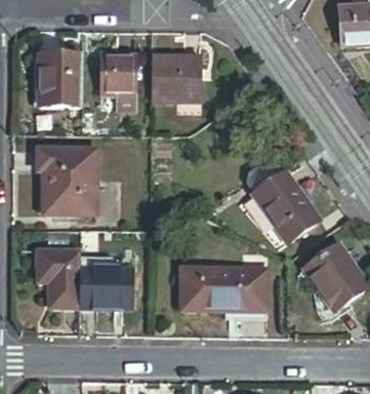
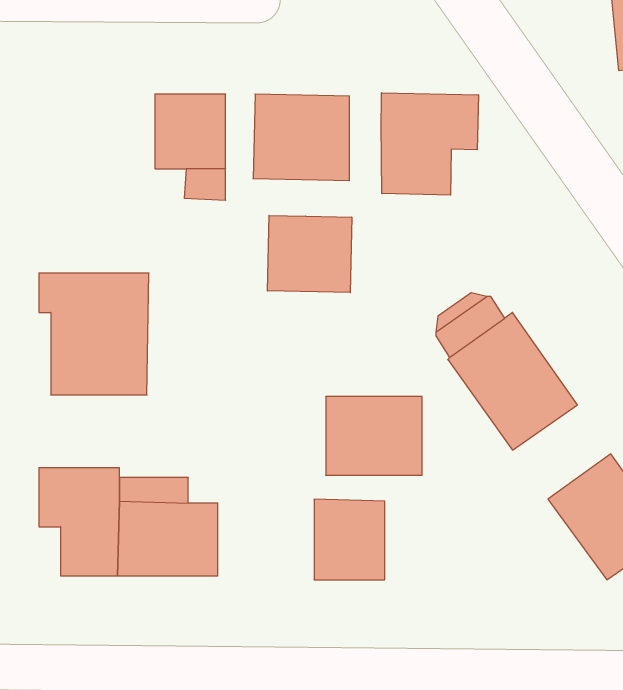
building: [39,55,82,107] -> none
building: none -> [381,93,478,195]
building: none -> [267,215,352,293]
building: [219,269,270,310] -> [326,397,422,475]

